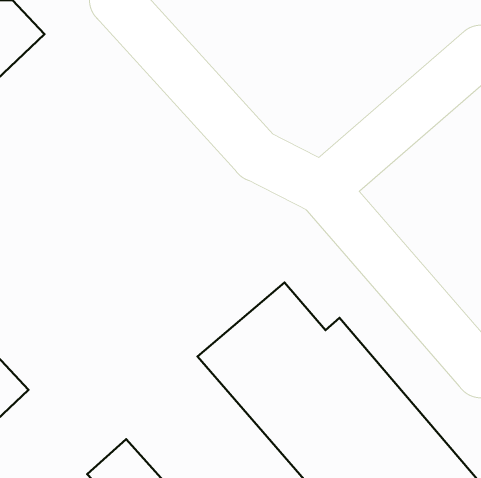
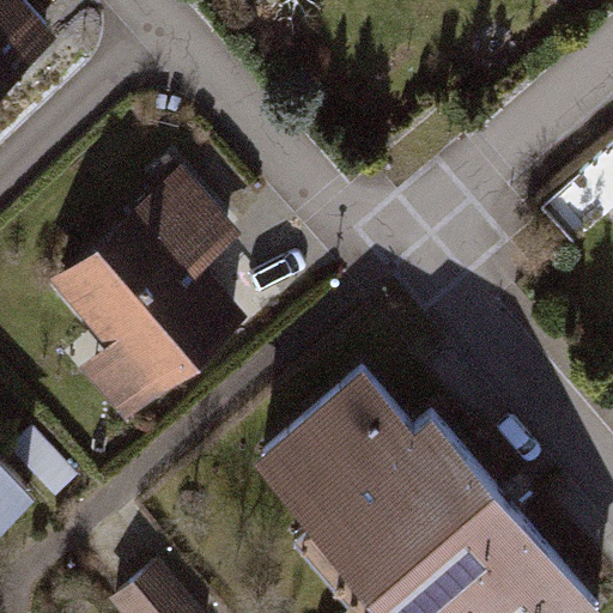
building: none -> [49,169,243,424]

